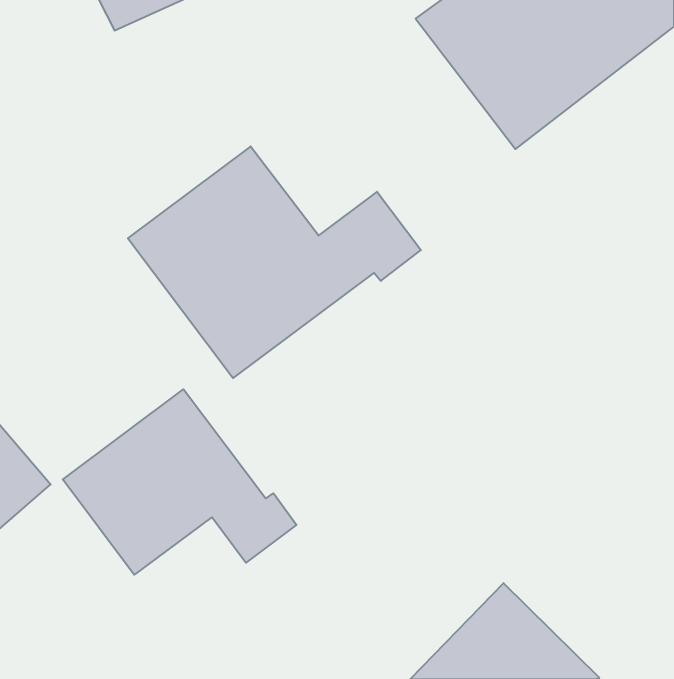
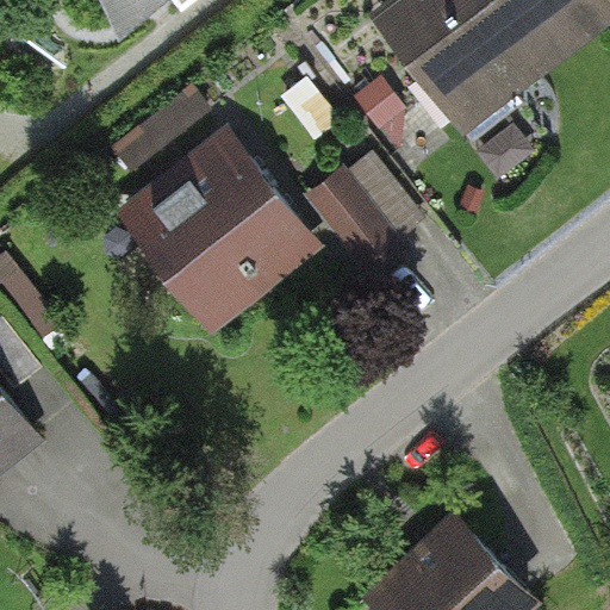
building: [63,389,296,575] -> none

